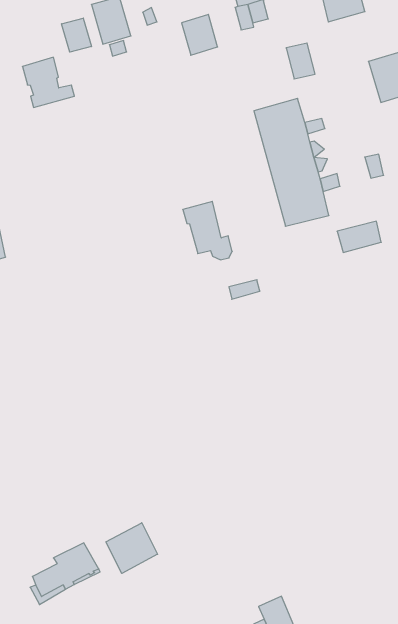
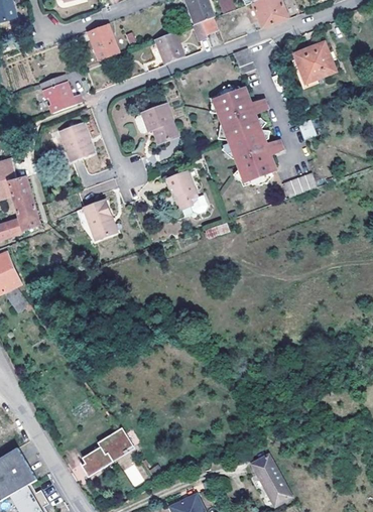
building: [62,18,91,52] -> none
building: none -> [135,104,177,143]
building: none -> [60,122,95,160]
building: none -> [84,199,117,238]
building: [106,523,158,573] -> none

